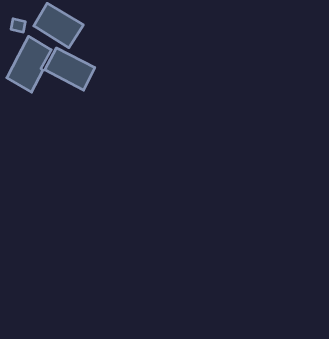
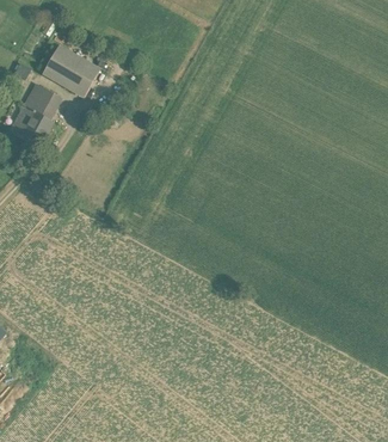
building: [45,48,95,90] -> none

